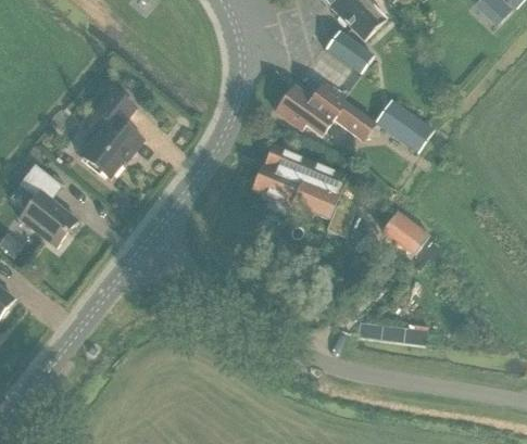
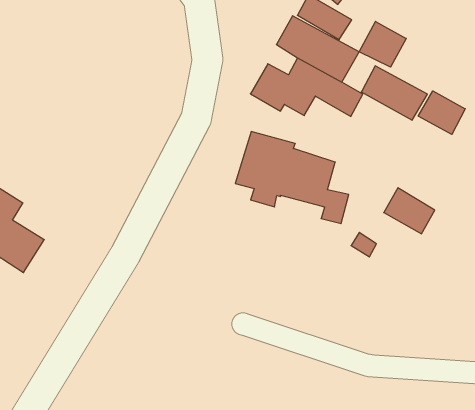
building: none -> [359,21,406,67]
building: [79,88,143,177] -> none
building: none -> [418,91,465,134]

